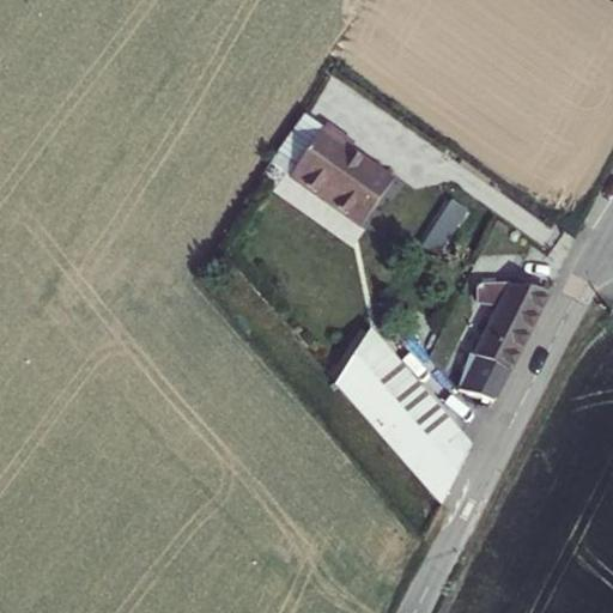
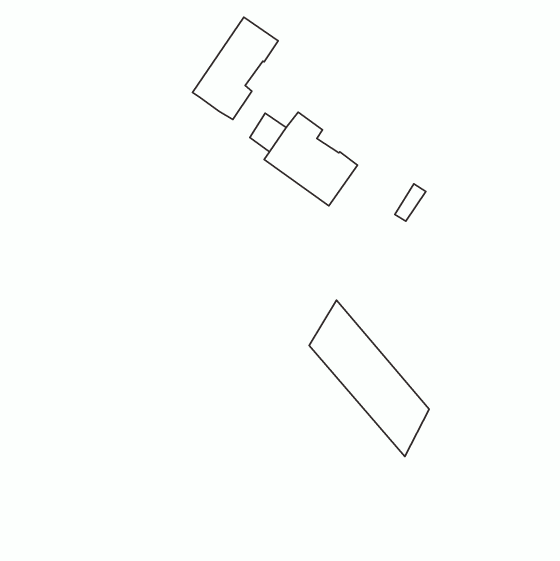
building: none -> [193,17,278,120]
building: [457,280,548,399] -> none

